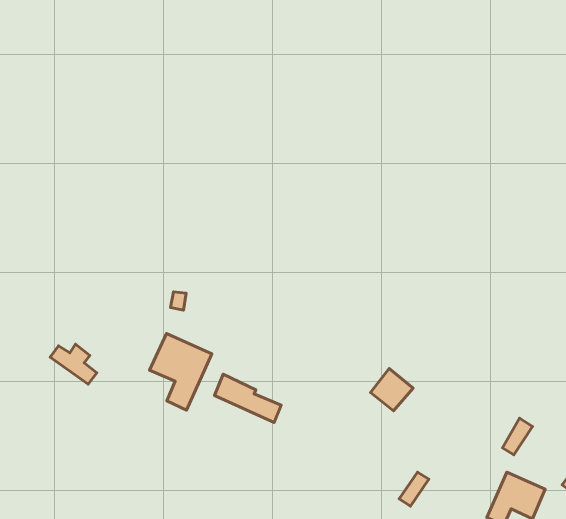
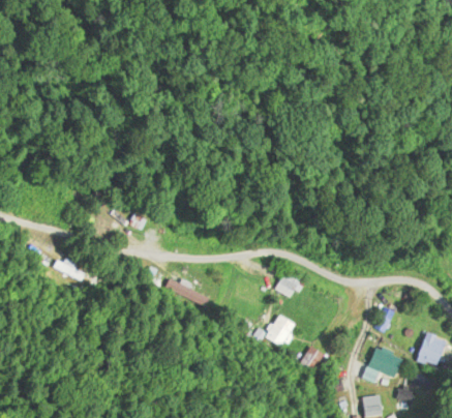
building: [150,334,212,410] -> none
building: none -> [266,314,300,350]

